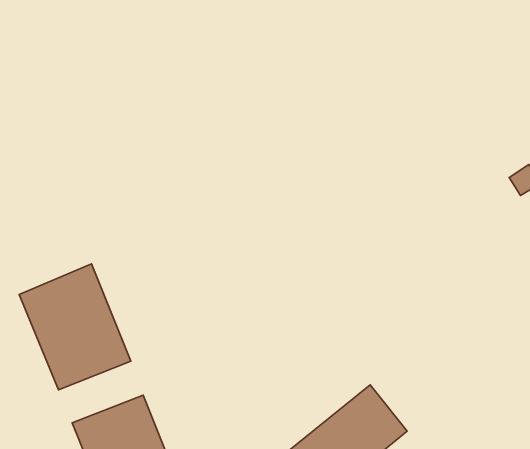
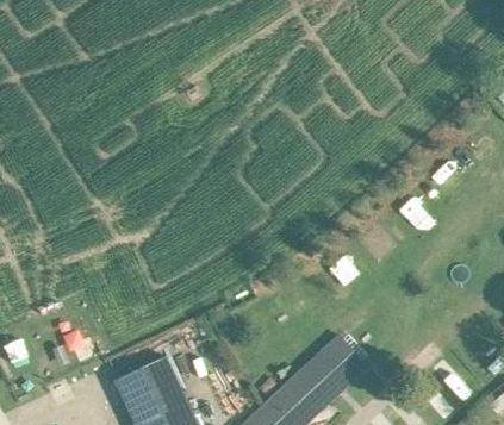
building: [19,264,131,390] -> none

